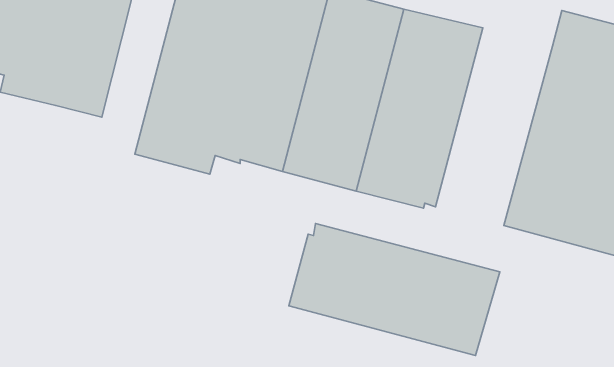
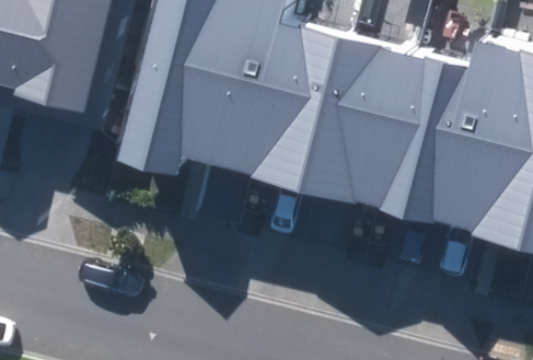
building: none -> [372,47,470,211]
building: [289,224,500,355] -> none

